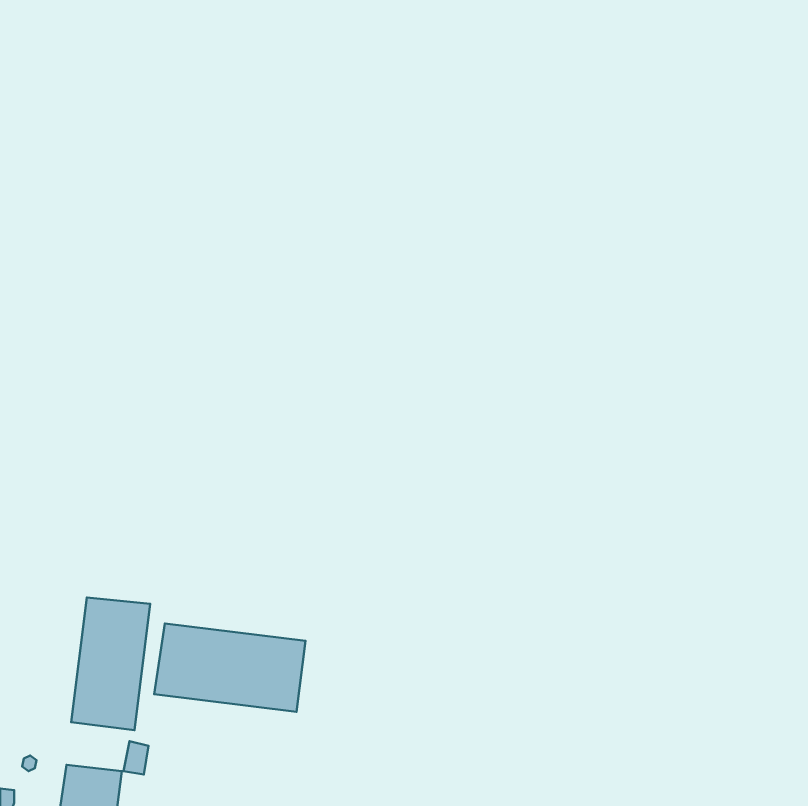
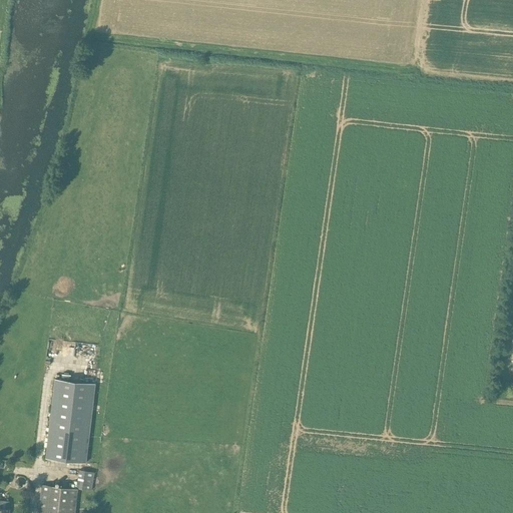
building: [154,623,306,712] -> none

